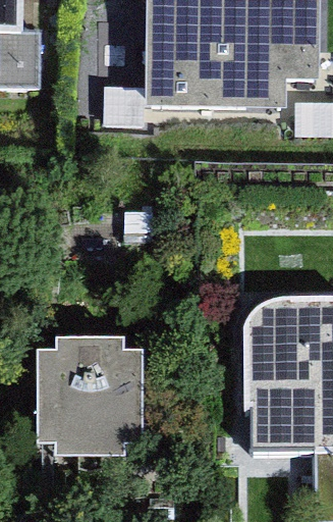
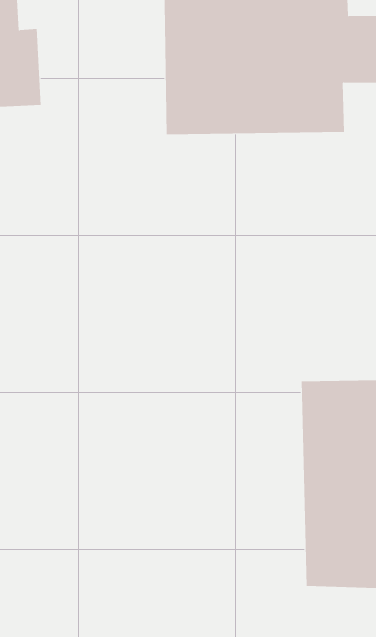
building: [37,342,140,455] -> none

